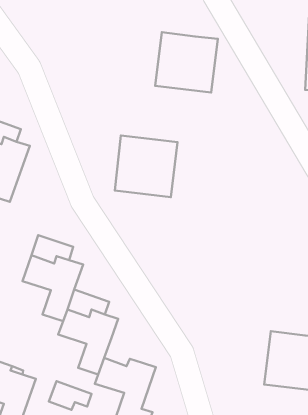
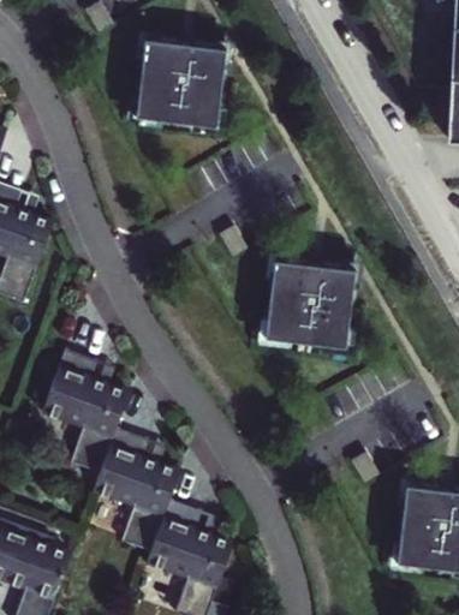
building: [155,32,218,92] -> [131,38,221,125]
building: [115,135,178,197] -> [261,261,351,350]
building: [49,381,92,410] -> [161,497,222,538]

